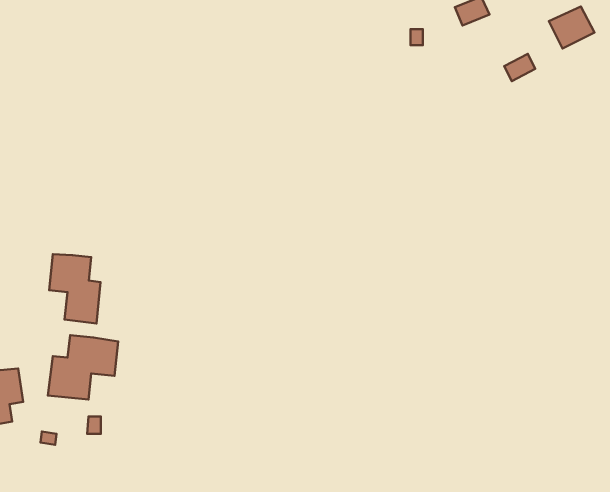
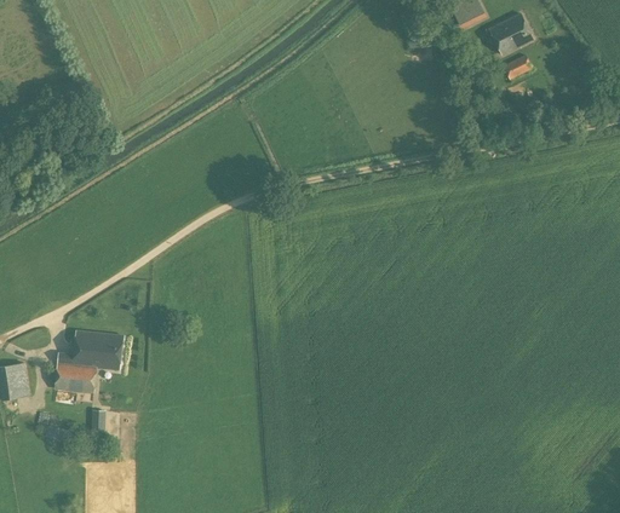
building: [549,6,595,48] -> [488,13,533,54]
building: [49,254,100,324] -> none

